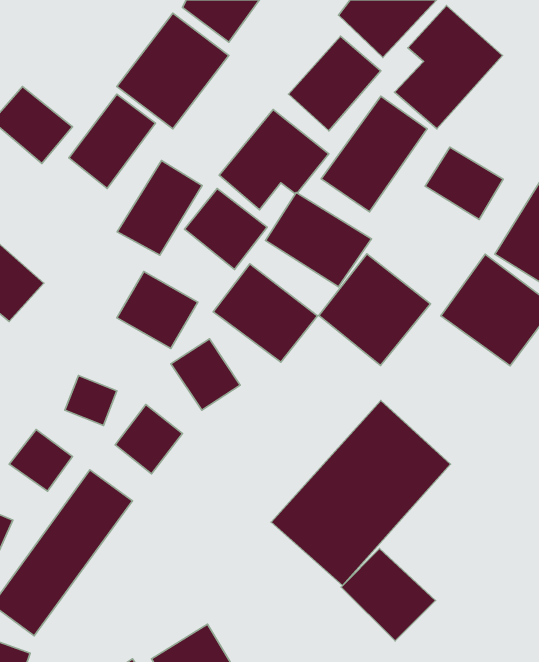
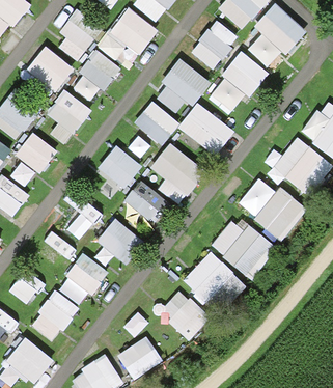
building: none -> [55,19,96,60]
building: [425,147,503,219] -> none
building: [117,161,202,255] -> [45,93,90,144]
building: [319,254,431,366] -> [247,182,307,242]
building: [341,548,436,641] -> [159,290,210,340]

